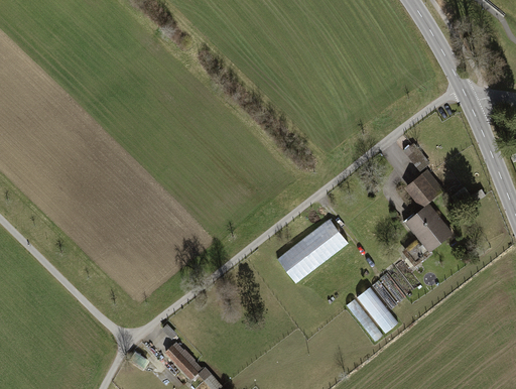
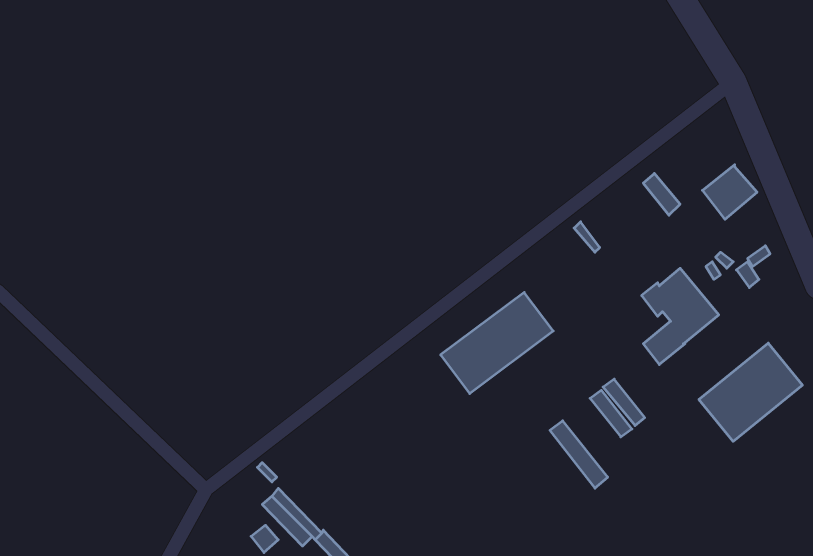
building: [407,171,441,206] -> [702,165,757,219]
building: none -> [699,343,802,441]
building: [356,287,397,333] -> none

